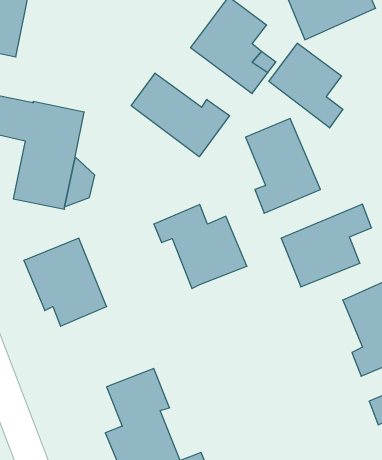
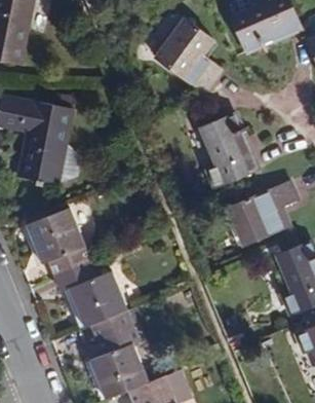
building: [269,43,343,128] -> none
building: [131,73,230,157] -> none
building: [154,204,247,289] -> [54,261,127,327]

